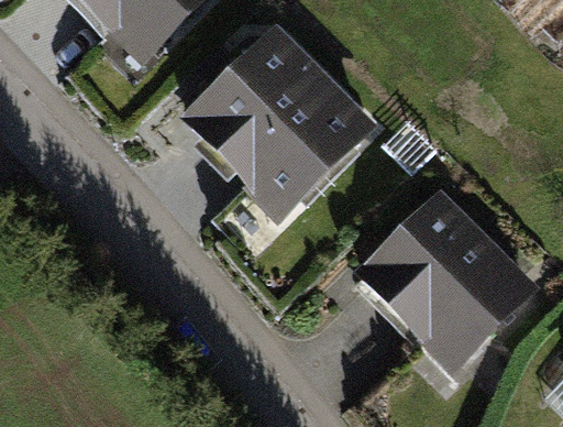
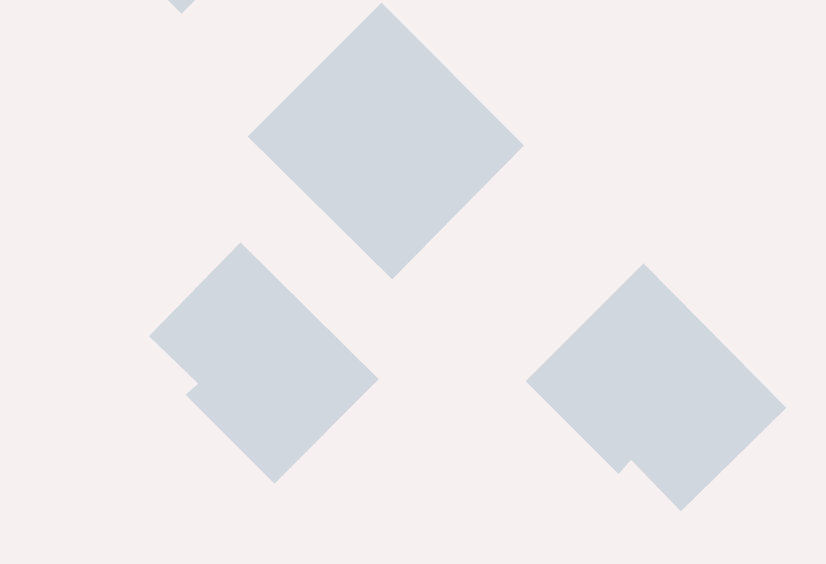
building: none -> [148,242,380,484]

